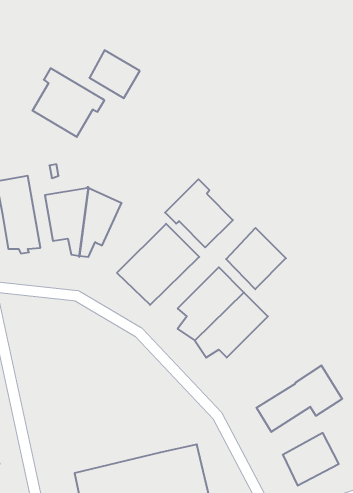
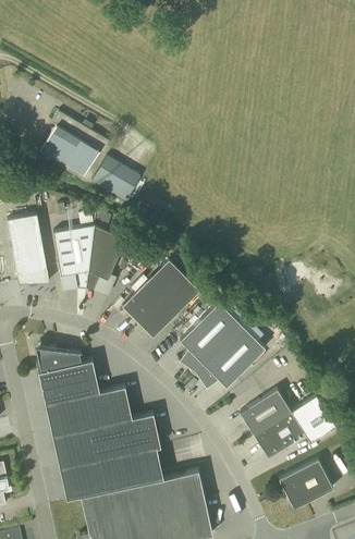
building: [89,50,140,98] -> [91,157,139,203]
building: [165,179,233,247] -> none
building: [226,228,286,289] -> none
building: none -> [35,345,162,500]
building: none -> [240,390,291,436]

